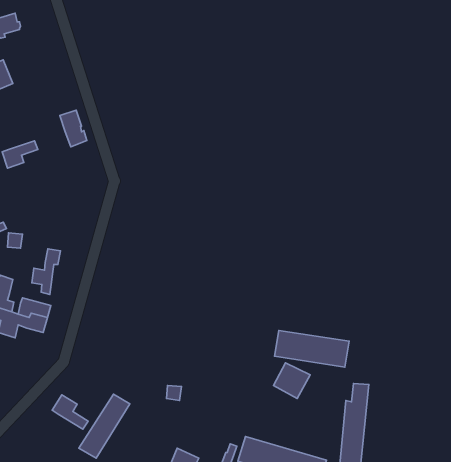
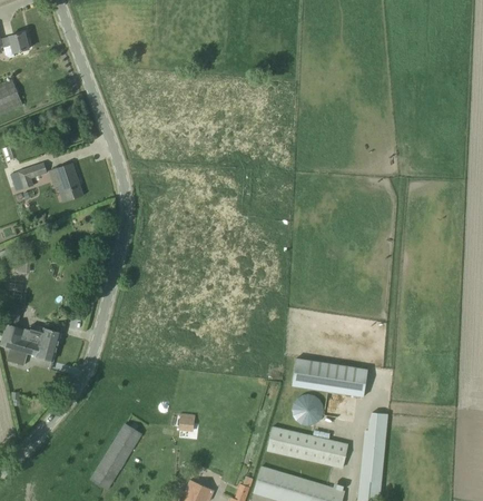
building: [60,110,87,147] -> [55,163,82,200]
building: [32,249,60,294] -> none
building: [52,395,88,429] -> none
building: none -> [266,425,347,466]

